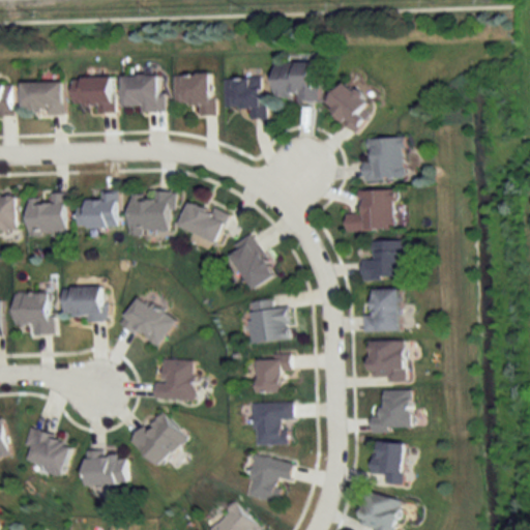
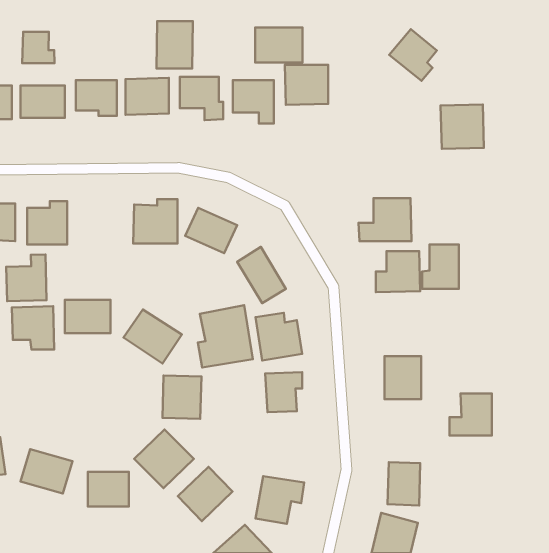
building: none -> [157,21,193,69]
building: none -> [255,28,302,63]
building: none -> [22,32,54,63]
building: [321,81,366,130] -> [389,29,437,81]
building: [361,137,403,179] -> [441,104,484,149]
building: [76,192,116,227] -> none
building: none -> [6,255,47,301]
building: [362,289,398,331] -> [422,245,459,289]
building: none -> [198,305,253,367]
building: [370,390,410,431] -> [450,393,492,436]
building: [252,404,291,445] -> none
building: none -> [178,467,232,521]

